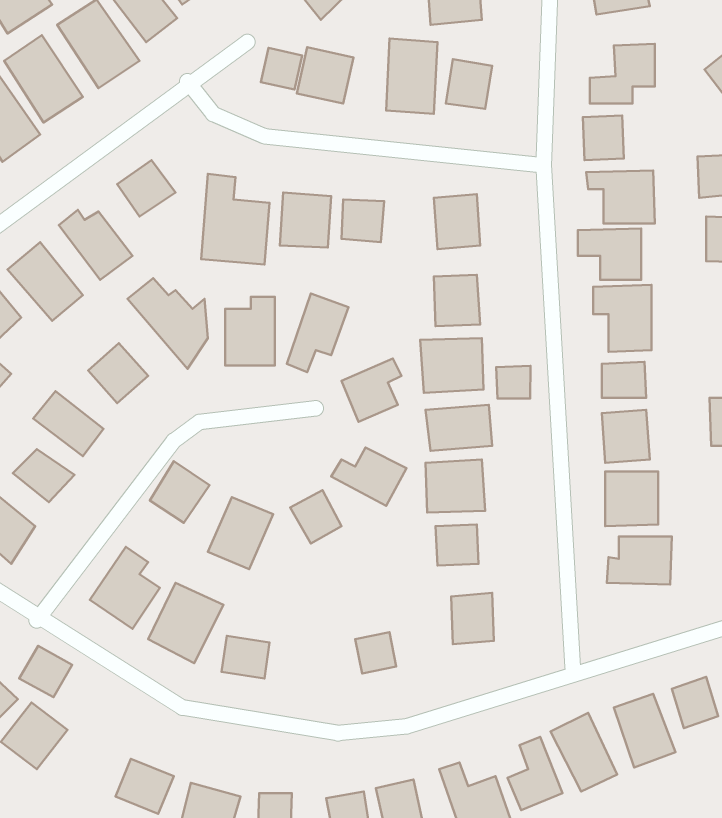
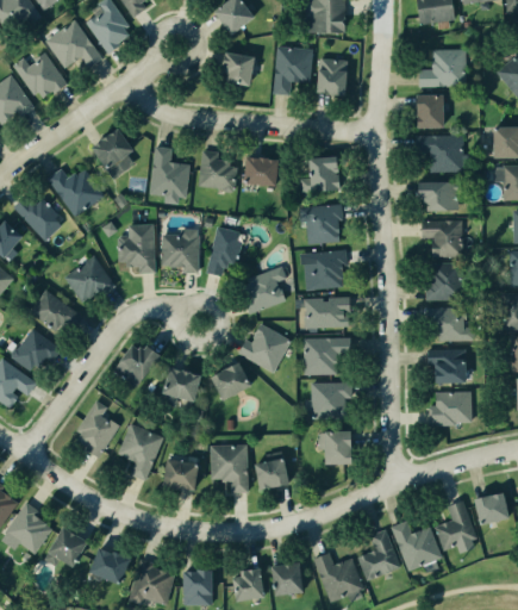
building: [261,48,302,90] -> none
building: [496,366,530,399] -> none
building: none -> [207,443,251,494]
building: [19,646,72,697] -> [49,530,86,566]

